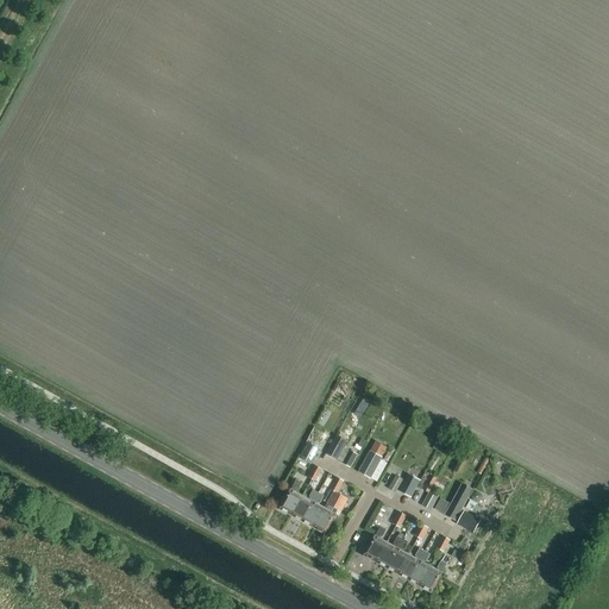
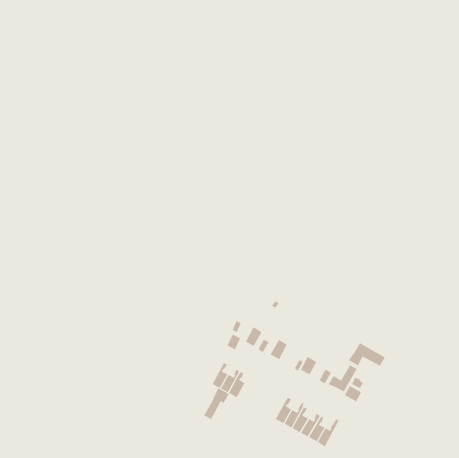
building: none -> [348,342,385,367]
building: [314,489,349,532] -> [203,388,229,420]

